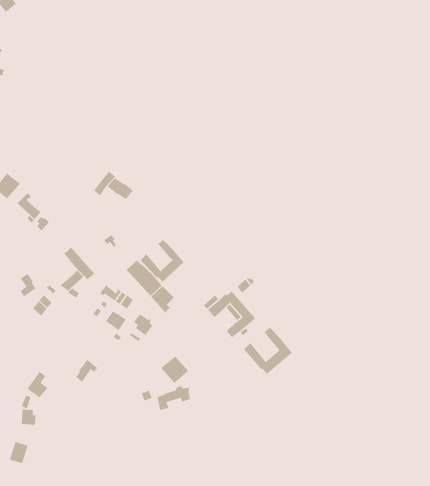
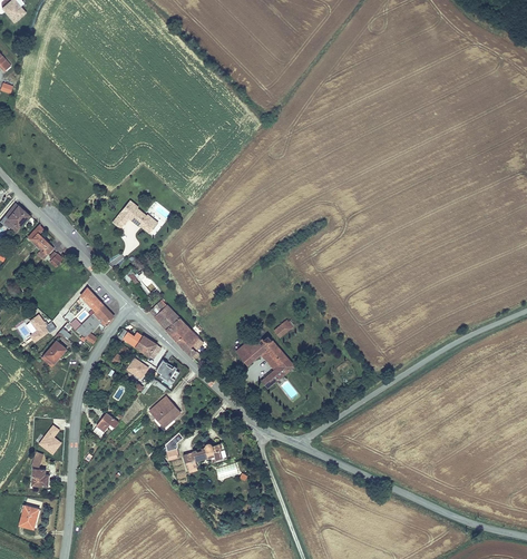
building: [140,239,185,282] -> none
building: [243,327,293,375] -> none
building: [160,356,189,384] -> [148,396,180,428]

